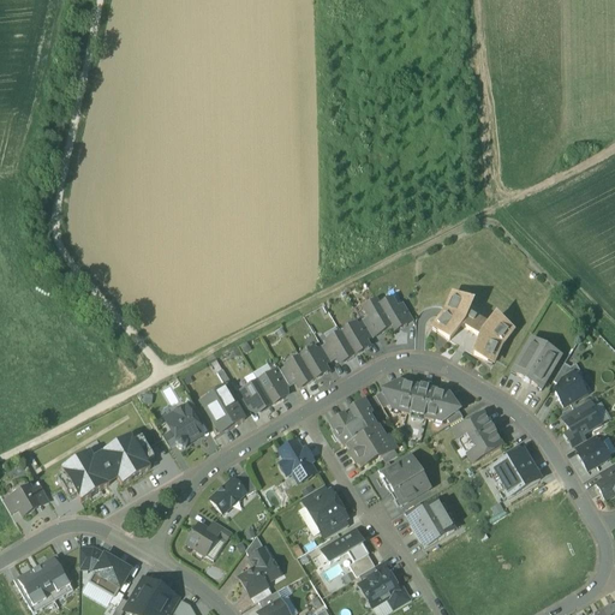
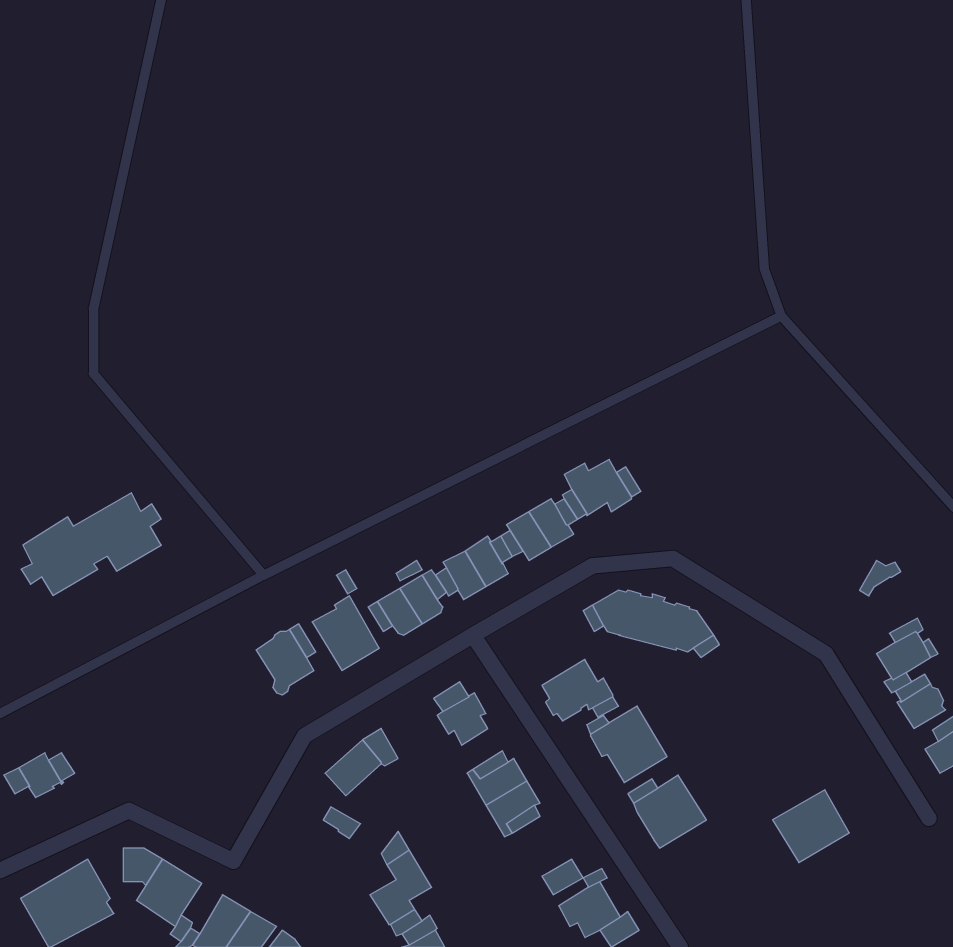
building: [434,292,513,360] -> none
building: [515,336,560,383] -> none
building: [555,371,586,405] -> none
building: [330,399,377,444] -> none
building: [454,412,502,461] -> none
building: [61,432,151,498] -> [21,493,161,595]
building: [491,448,541,495] -> [773,790,849,863]
building: [186,523,219,554] -> none
building: [323,529,369,561] -> none

